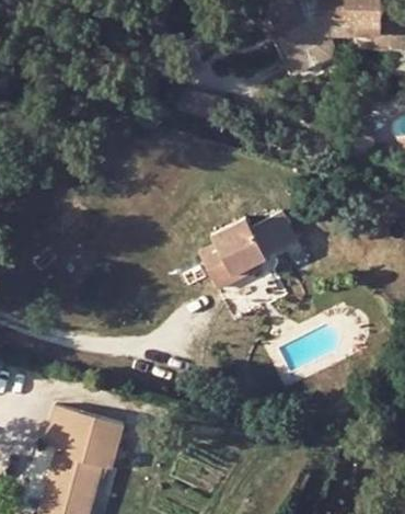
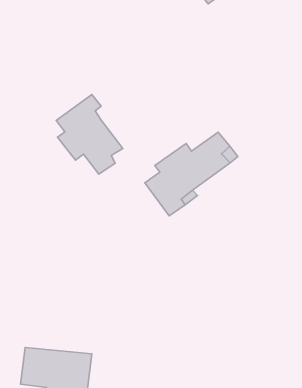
building: none -> [56,95,123,174]

